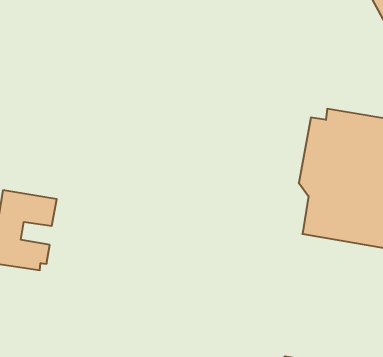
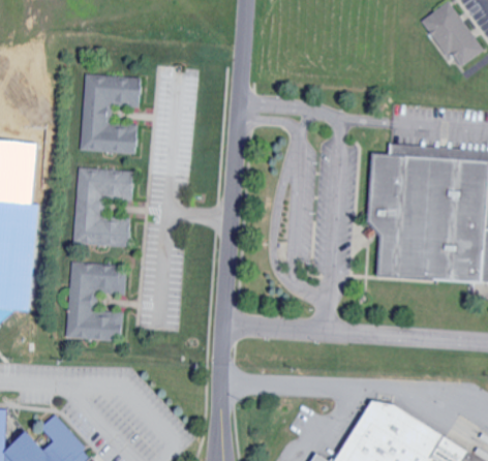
building: none -> [79,76,143,154]
building: none -> [72,170,134,247]

